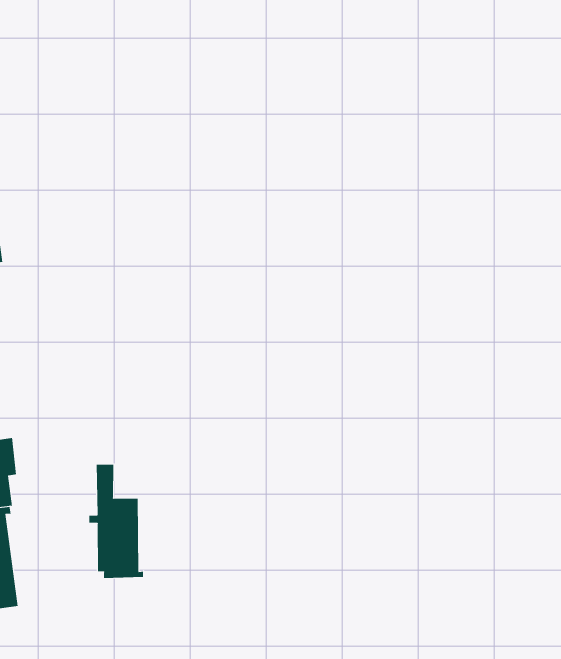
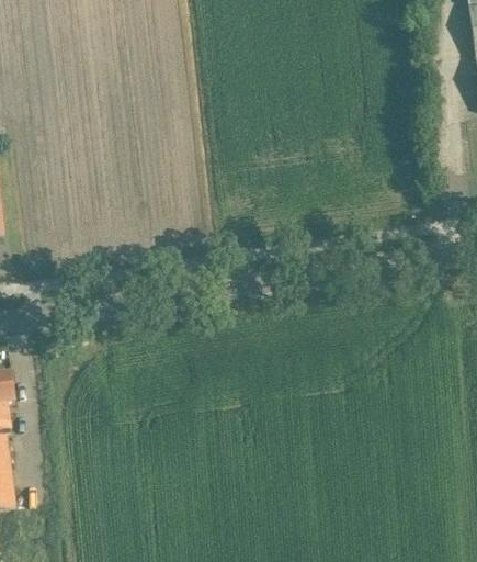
building: [89,464,144,579] -> none

